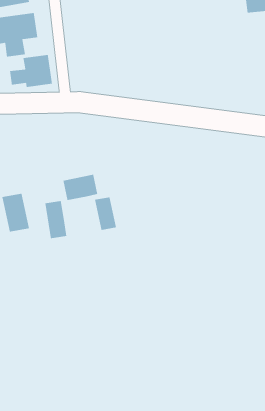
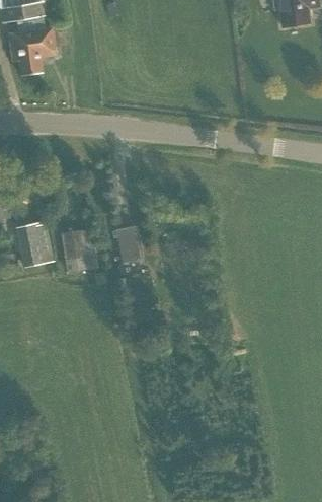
building: [9,54,52,88] -> none
building: [63,174,98,201] -> none

